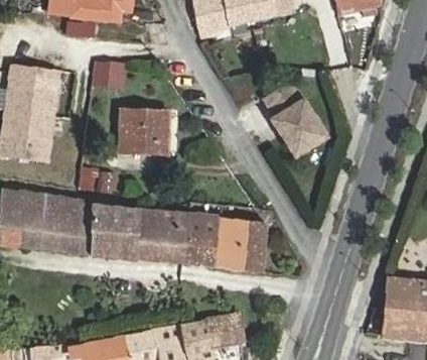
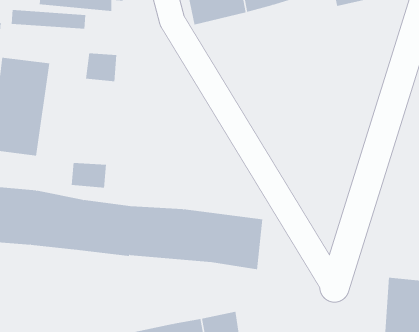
building: [259,80,330,161] -> none
building: [119,107,168,154] -> none

